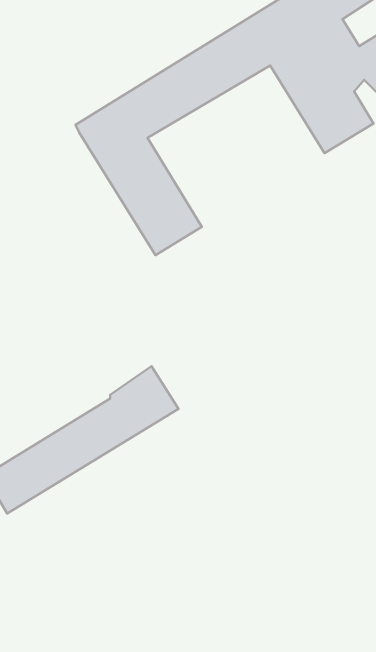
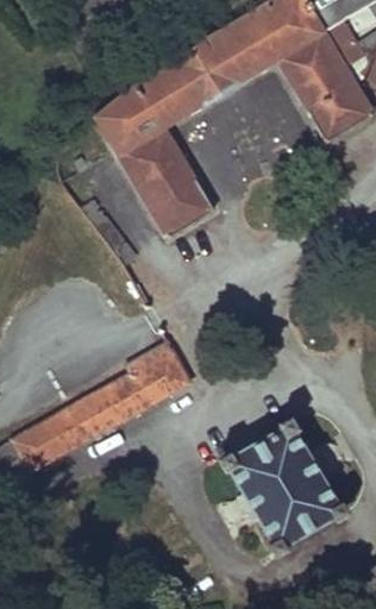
building: none -> [224,420,340,546]

